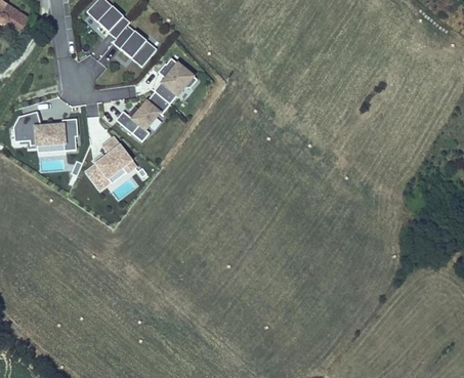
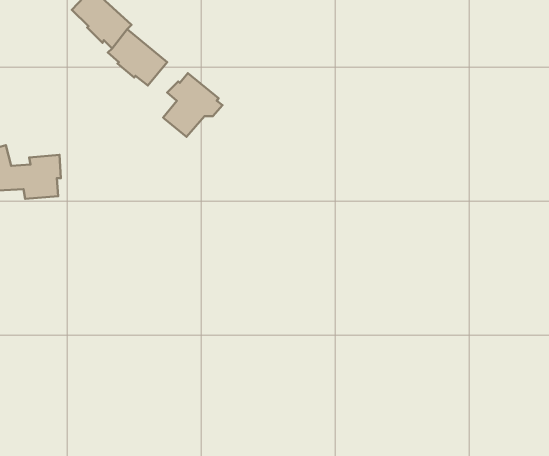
building: [115,91,171,142] -> none
building: [83,132,136,190] -> none

